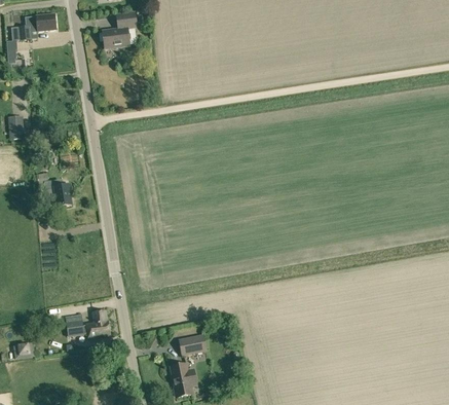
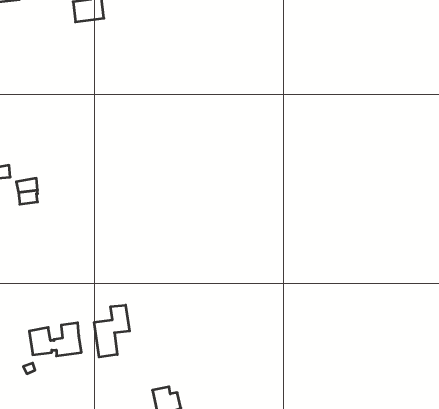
building: none -> [94,305,130,357]
building: [177,334,207,356] -> none

